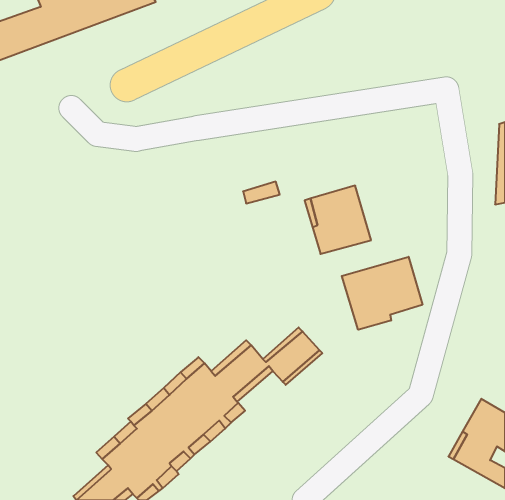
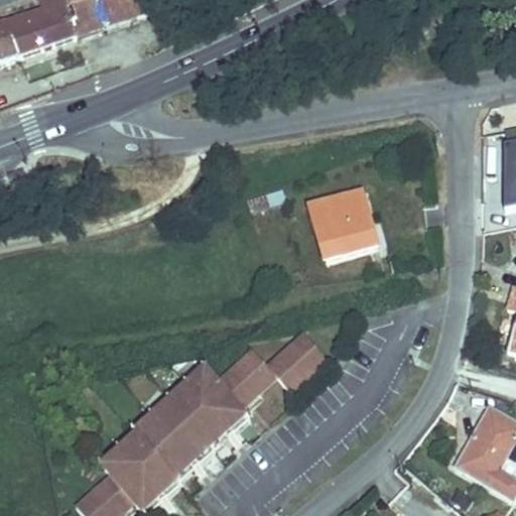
building: [342,257,422,330] -> none

